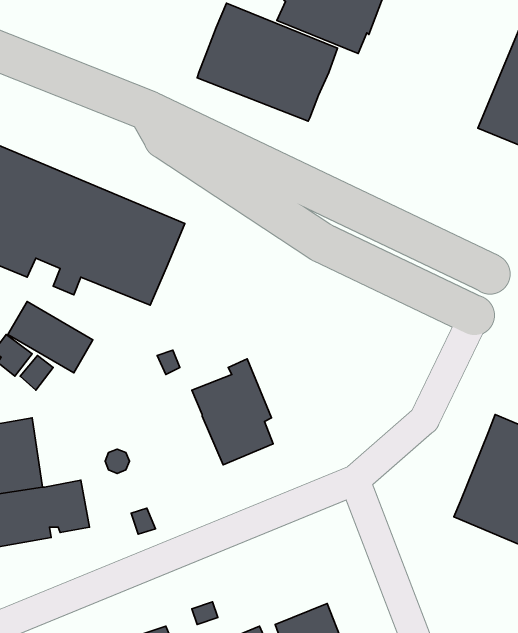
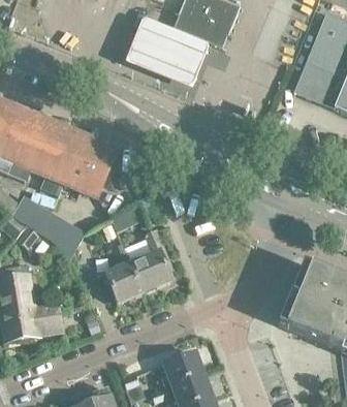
building: none -> [53,218,86,257]
building: none -> [105,244,141,303]
building: none -> [163,352,203,387]

